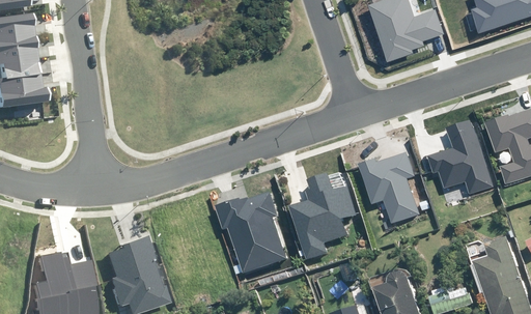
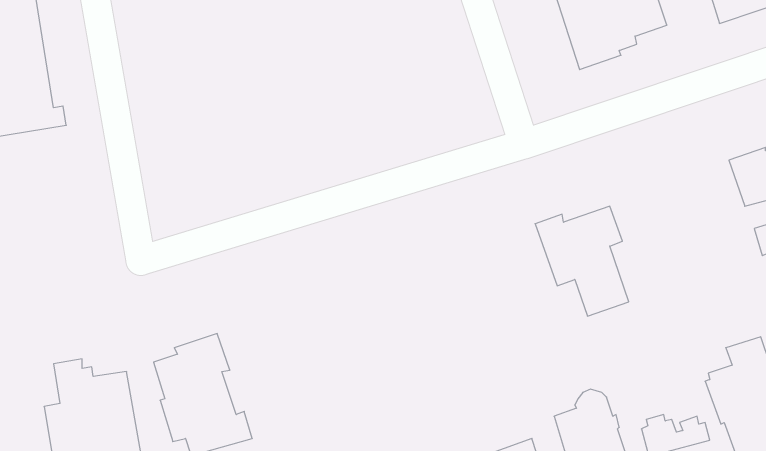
building: [425,119,495,195] -> none
building: [288,173,357,259] -> none
building: [214,191,285,273] -> none

